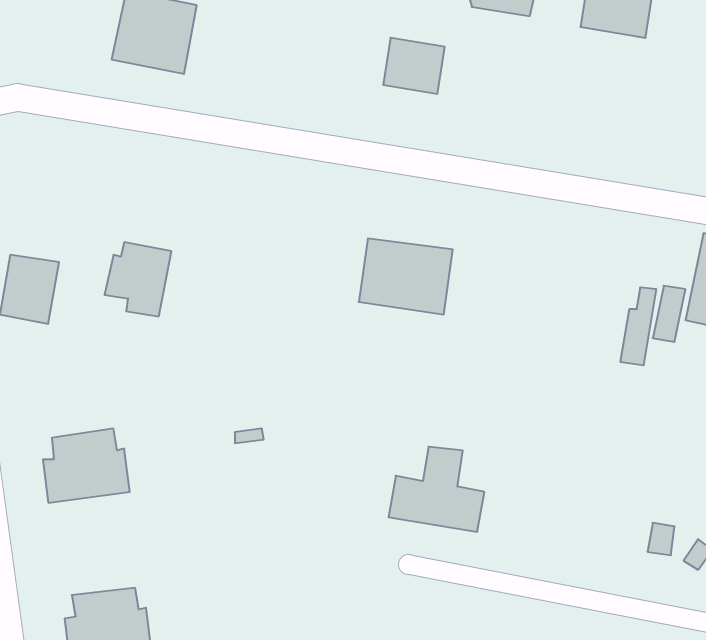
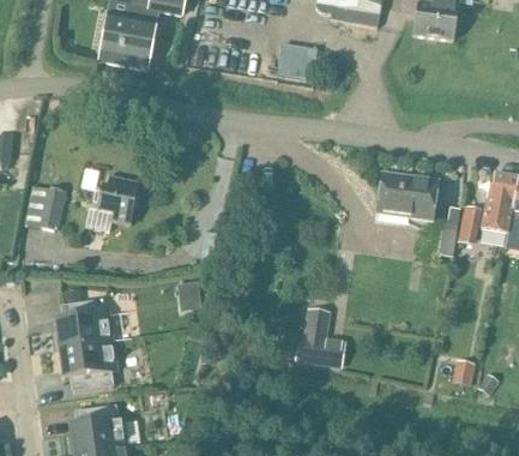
building: [359,239,453,315] -> [375,173,437,223]
building: none -> [58,342,115,392]

